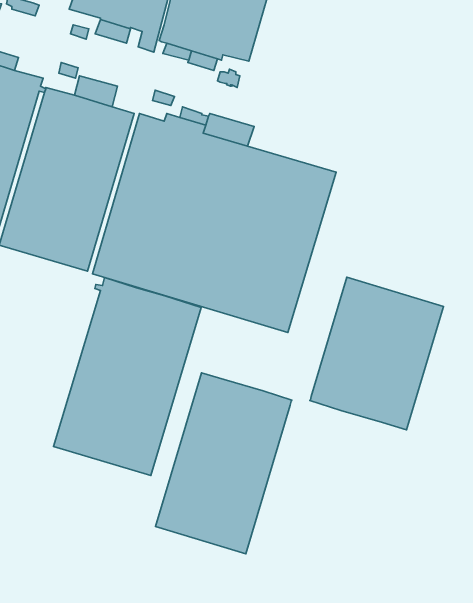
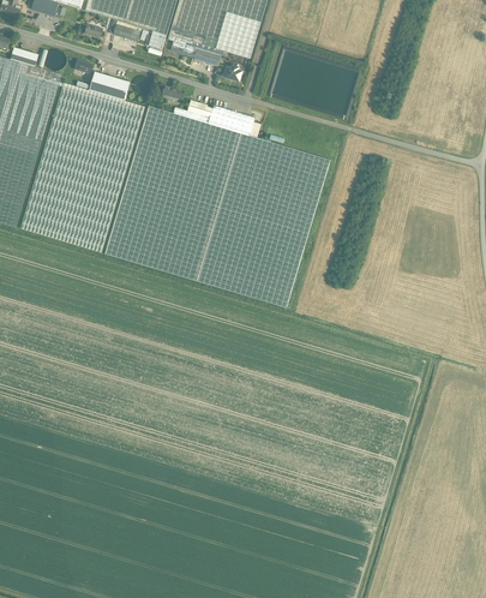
building: [310,277,444,430] -> none
building: [53,277,201,475] -> none
building: [155,373,292,554] -> none

